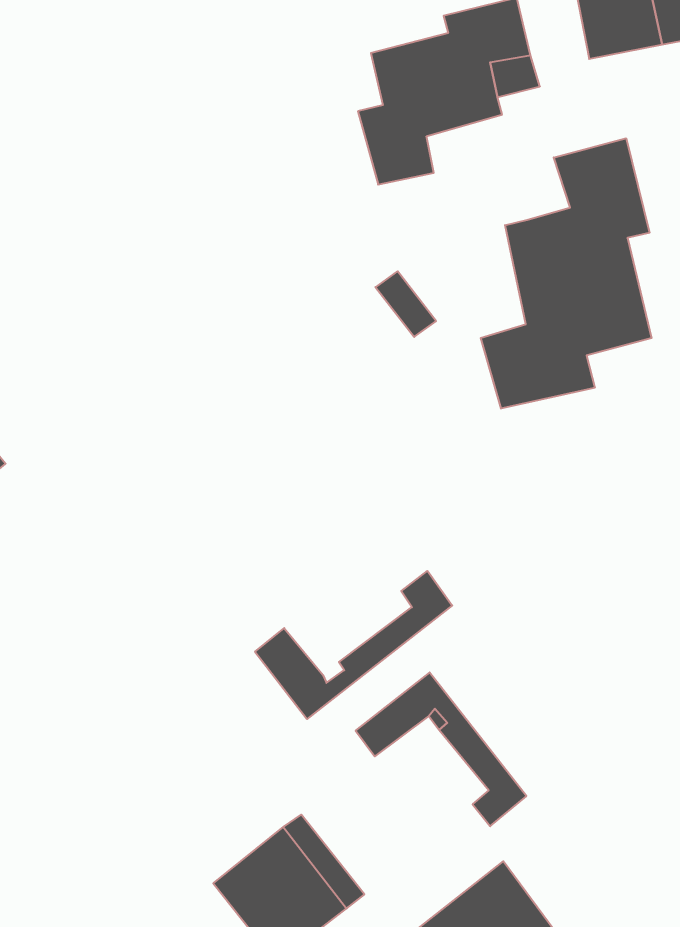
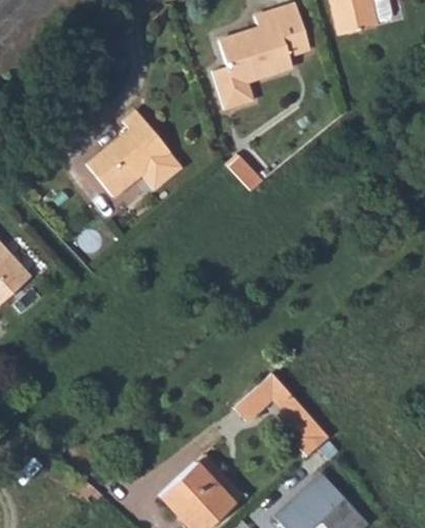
building: [481,138,652,409] -> none
building: none -> [89,111,184,197]
building: [255,571,452,719] -> none

